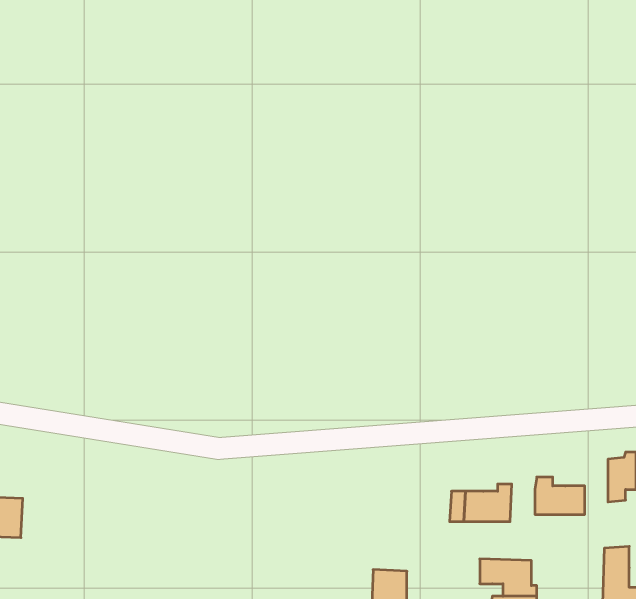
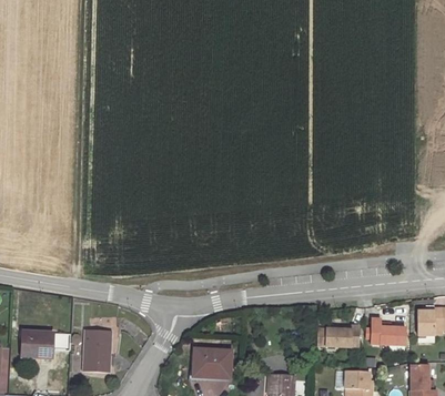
building: none -> [85,331,112,373]
building: none -> [191,353,227,386]

